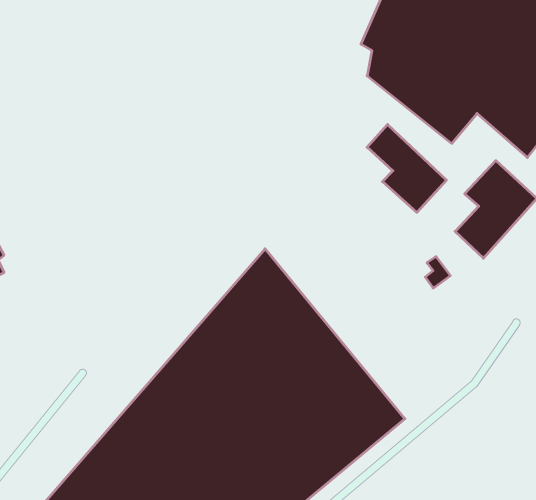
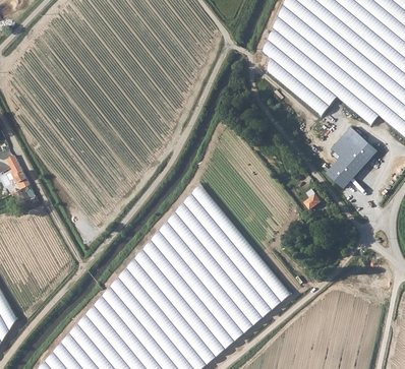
building: [367,124,446,212] -> none

